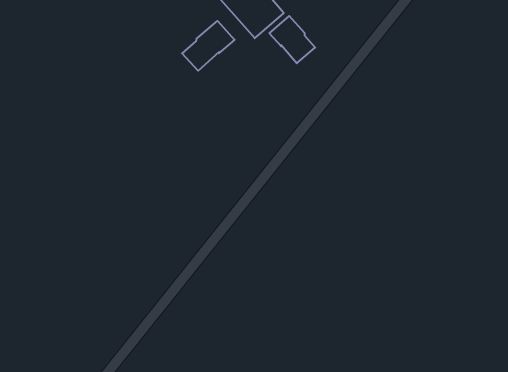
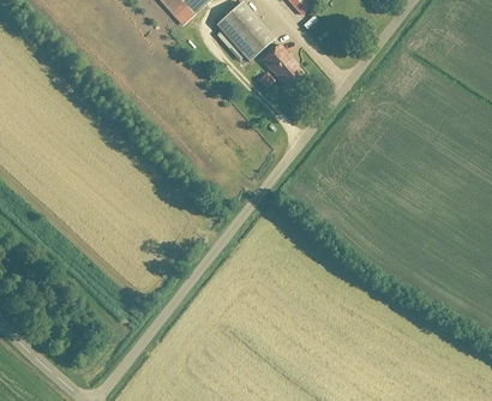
building: [182,21,235,71] -> none

